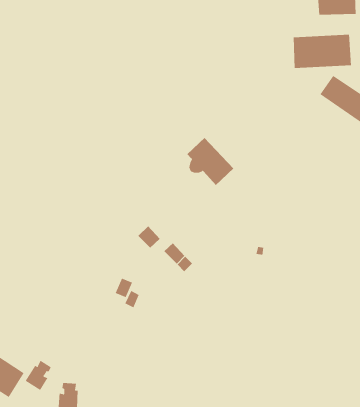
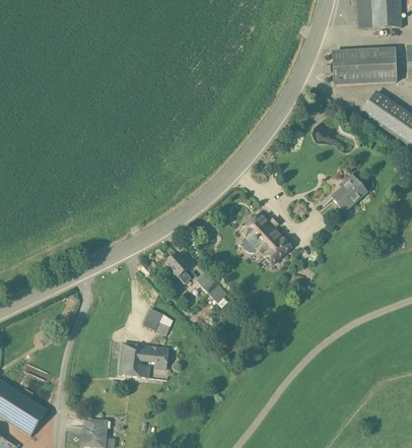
building: [186,137,234,186] -> [241,211,291,263]
building: none -> [332,174,366,209]
building: none -> [119,341,167,376]
building: [25,360,52,391] -> none

